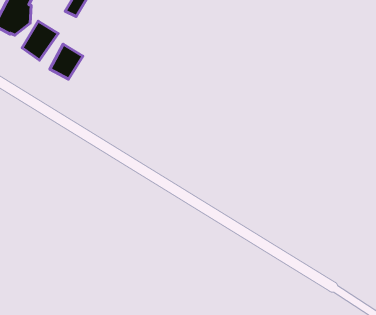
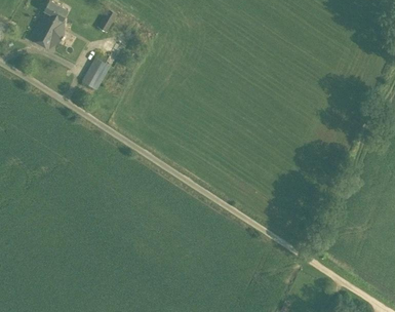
building: [22,21,58,60] -> none

